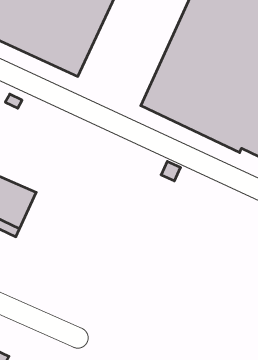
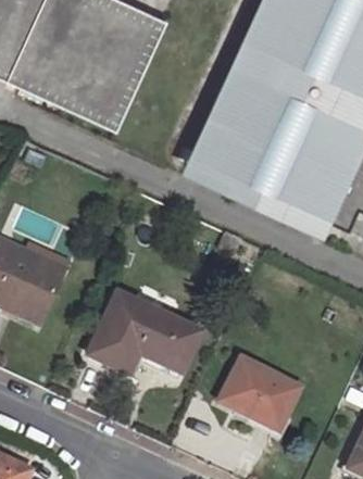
building: none -> [86,293,196,373]
building: none -> [218,360,296,428]

